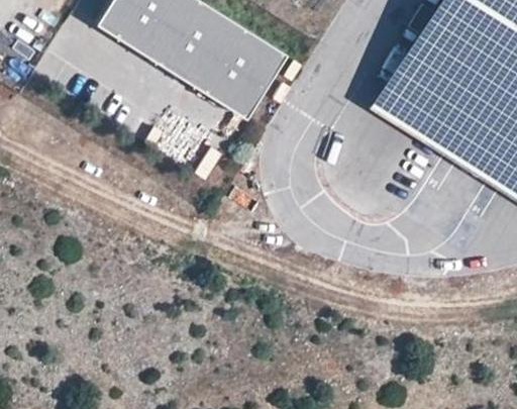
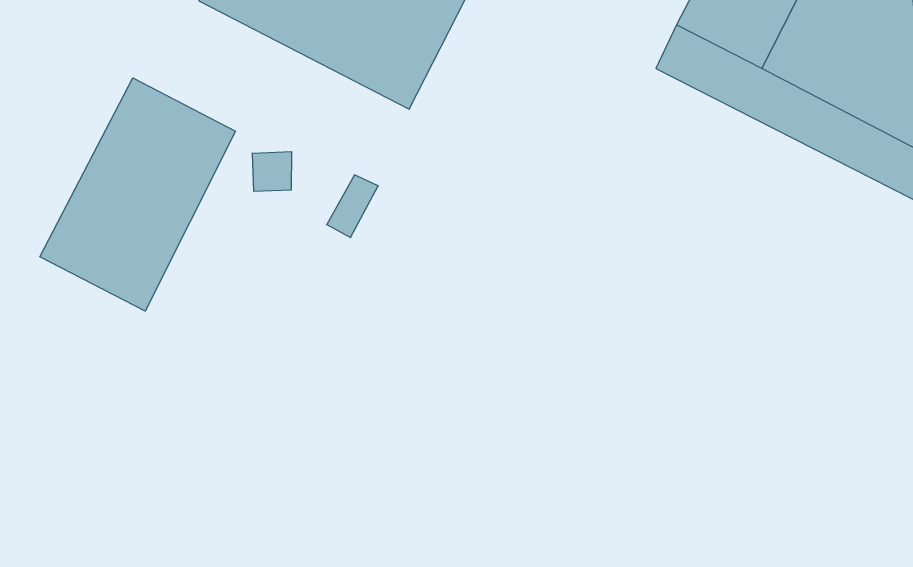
building: none -> [40,78,235,311]

